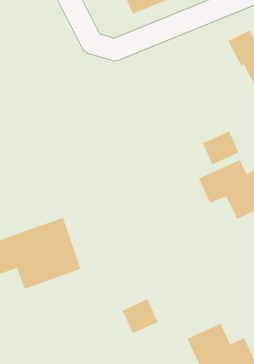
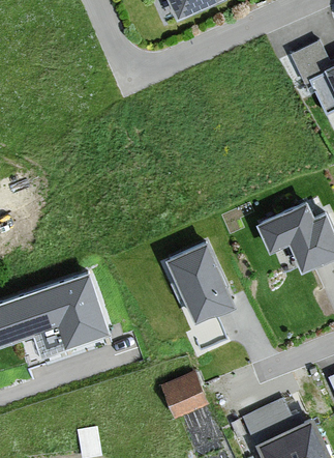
building: [202,131,239,165] -> none
building: none -> [165,242,237,324]

